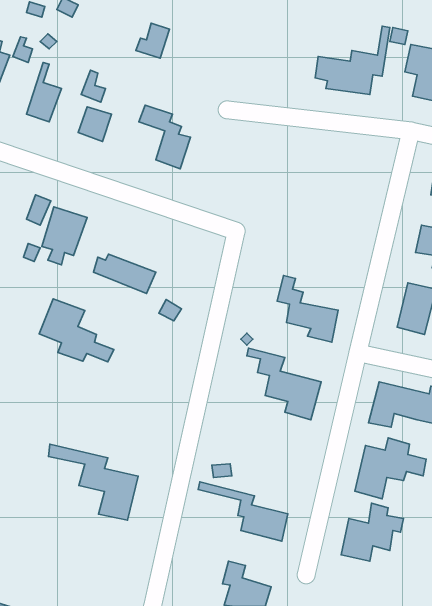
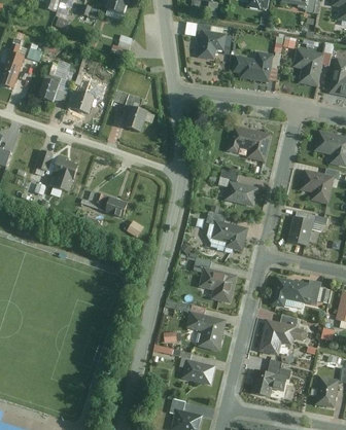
building: none -> [196,24,232,60]
building: none -> [228,126,271,163]
building: none -> [221,168,258,206]
building: [39,299,114,362] -> none
building: [48,444,138,520] -> [166,298,227,350]

